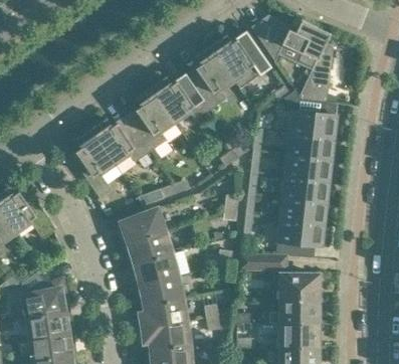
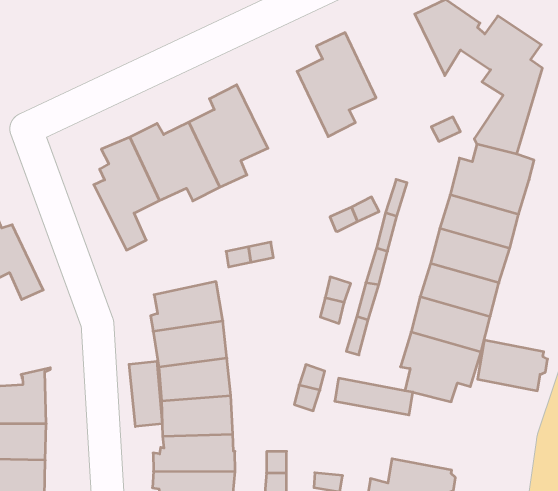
building: [212,31,272,81] -> none
building: [152,73,212,123] -> none
building: none -> [129,361,162,427]
building: [282,274,323,299] -> [478,340,548,391]

